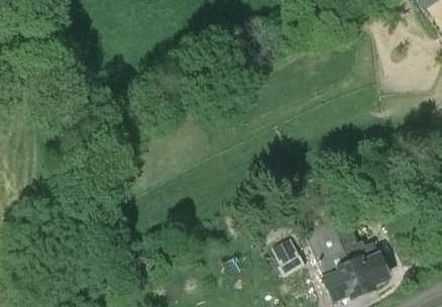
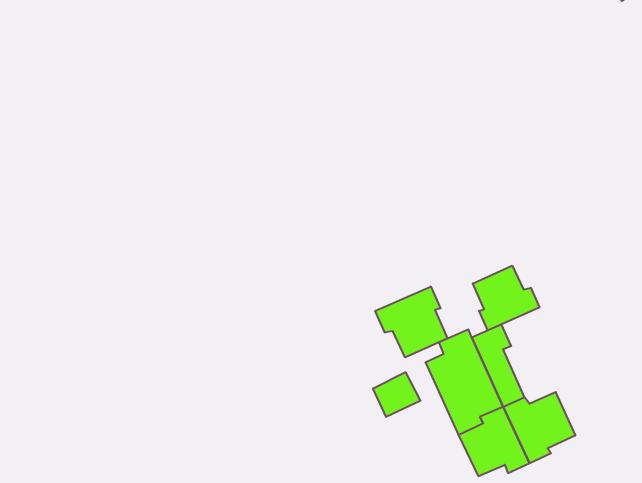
building: none -> [473,266,540,330]
building: none -> [375,286,448,357]

